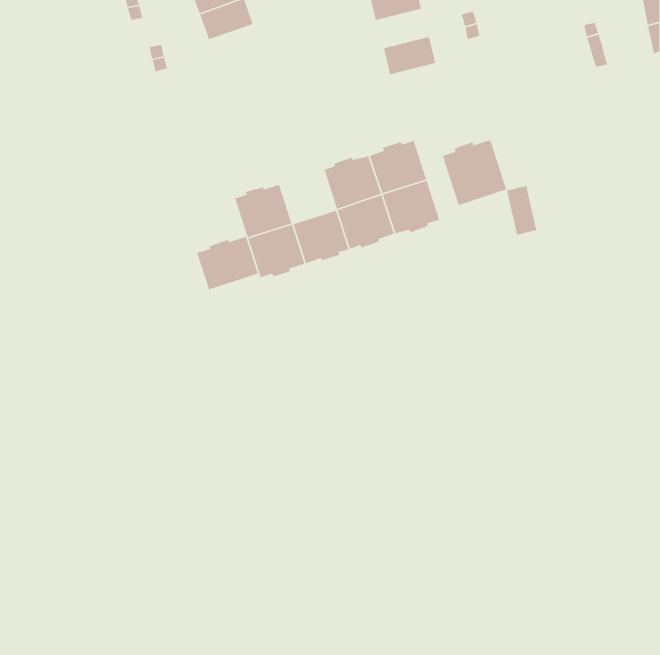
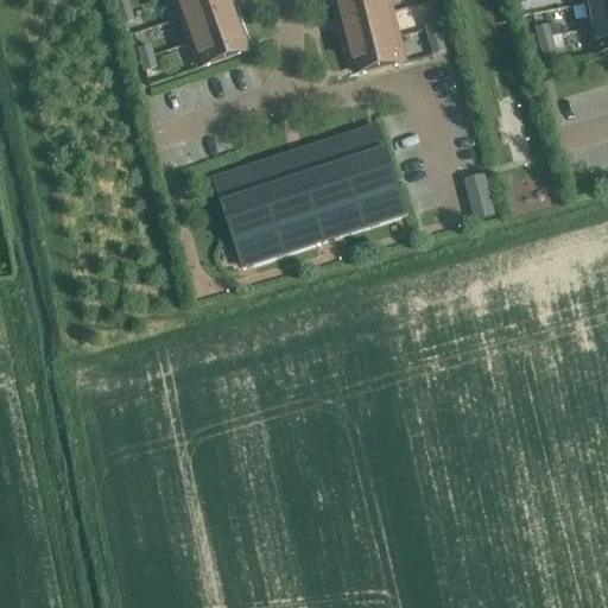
building: none -> [344,8,394,44]
building: none -> [191,23,242,62]
building: [442,139,507,206] -> none
building: none -> [256,156,309,205]
building: [196,236,259,291] -> none

